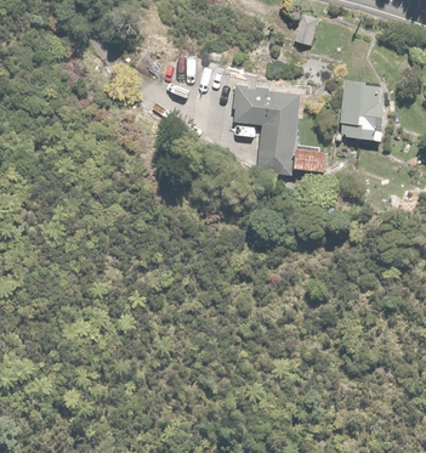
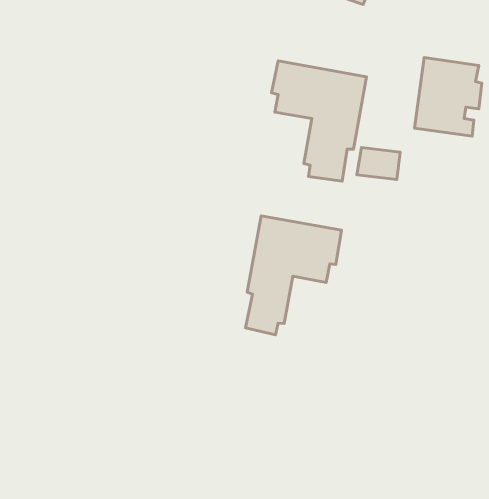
building: none -> [246,216,341,335]

